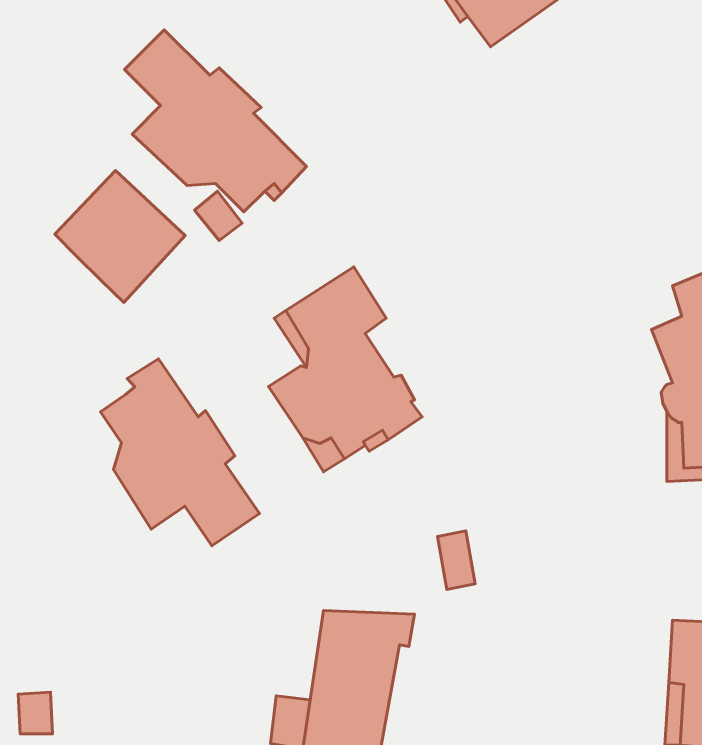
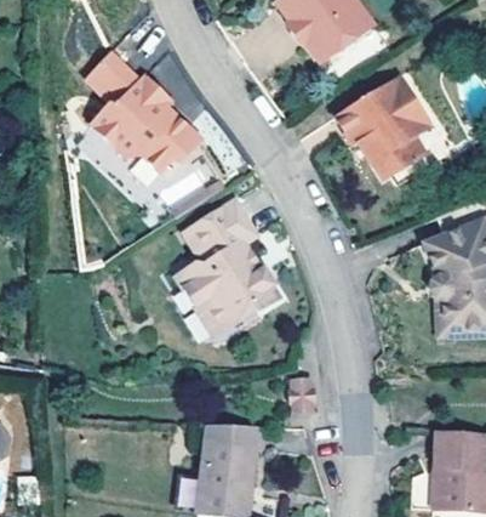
building: none -> [333,76,427,178]
building: [55,171,185,302] -> none
building: [100,359,259,546] -> none

